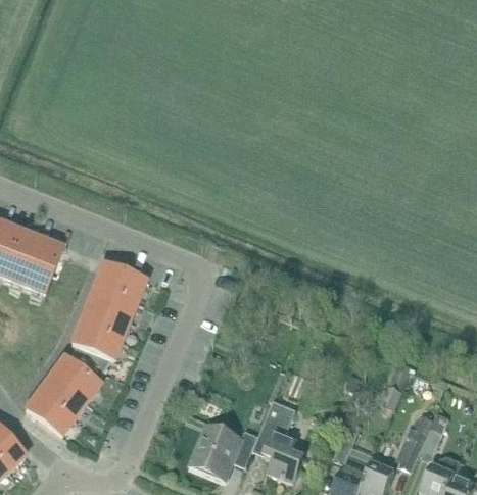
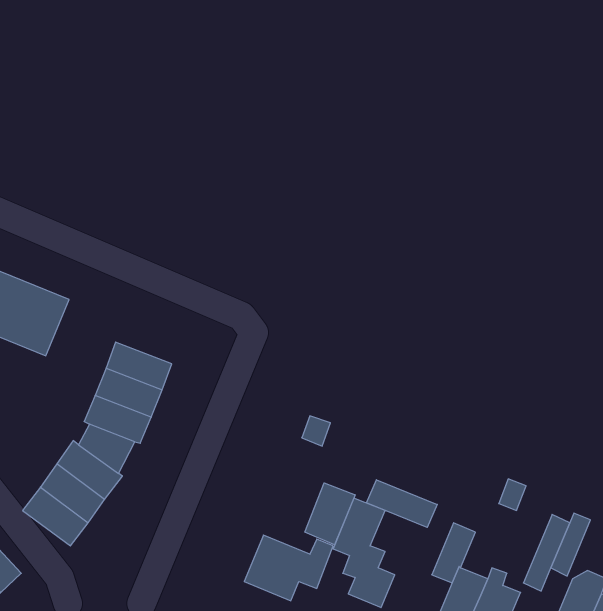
building: [95,262,145,298] -> none
building: none -> [366,480,437,527]
building: none -> [305,483,355,545]

